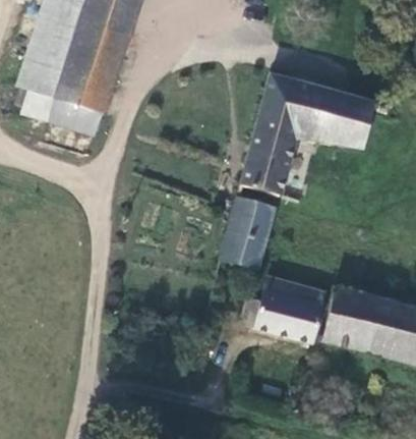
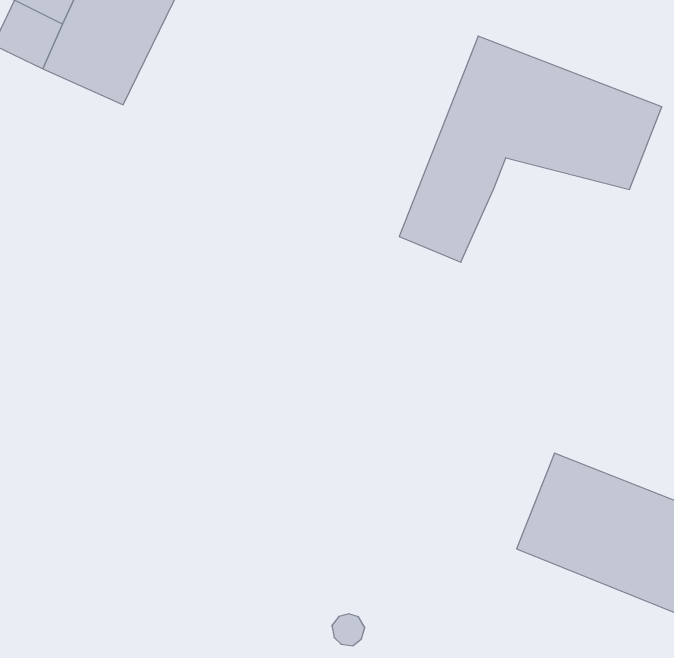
building: [224,200,276,270] -> none
building: [257,278,328,340] -> none

